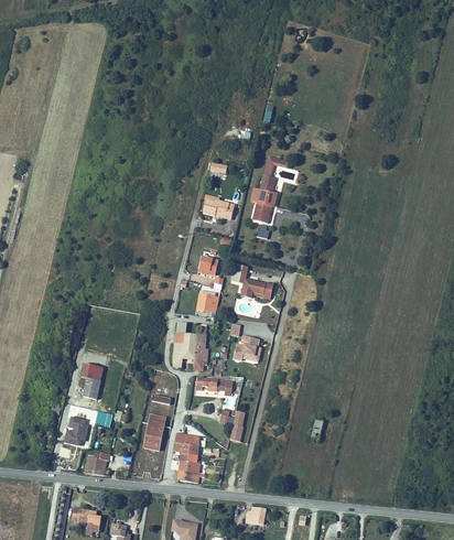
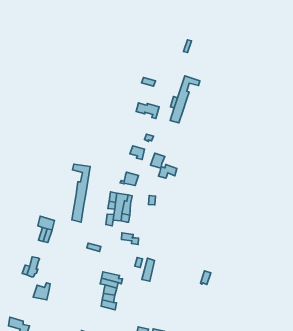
building: none -> [72,164,90,222]
building: [233,333,262,364] -> none
building: [144,415,165,451] -> none

